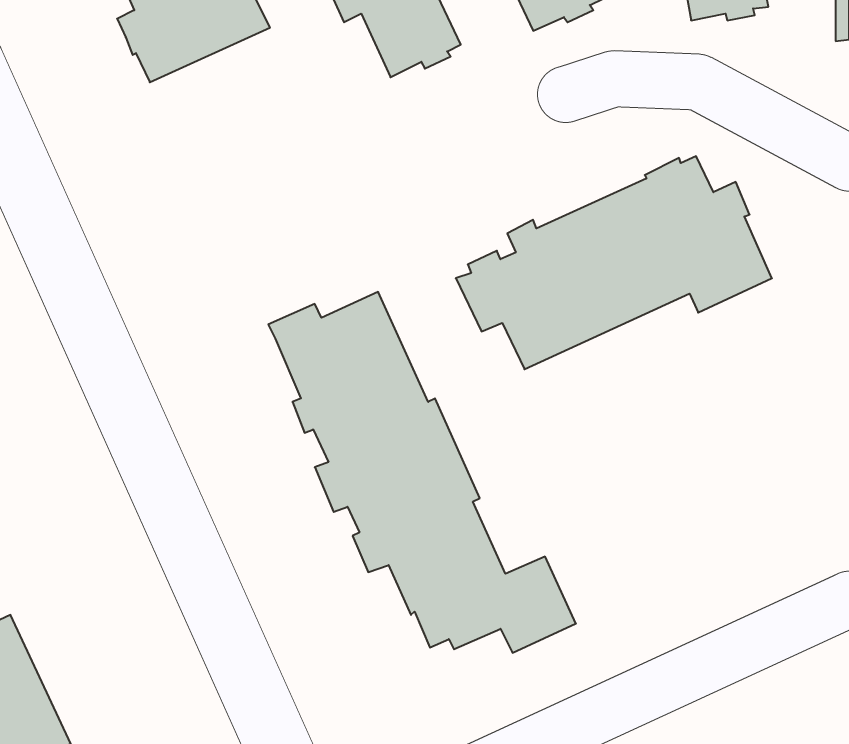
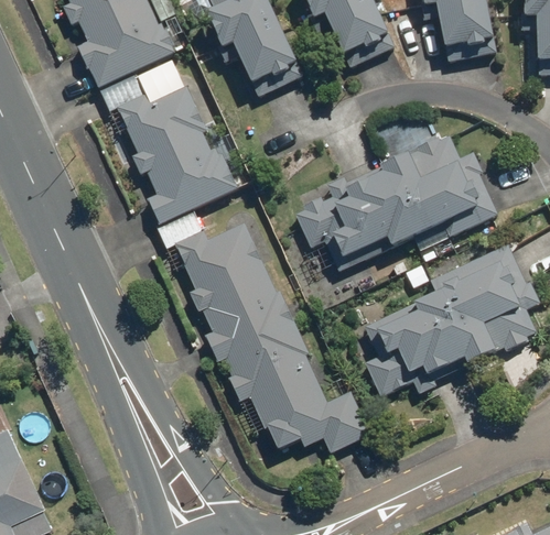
building: none -> [117,87,238,226]
building: none -> [364,245,540,397]

